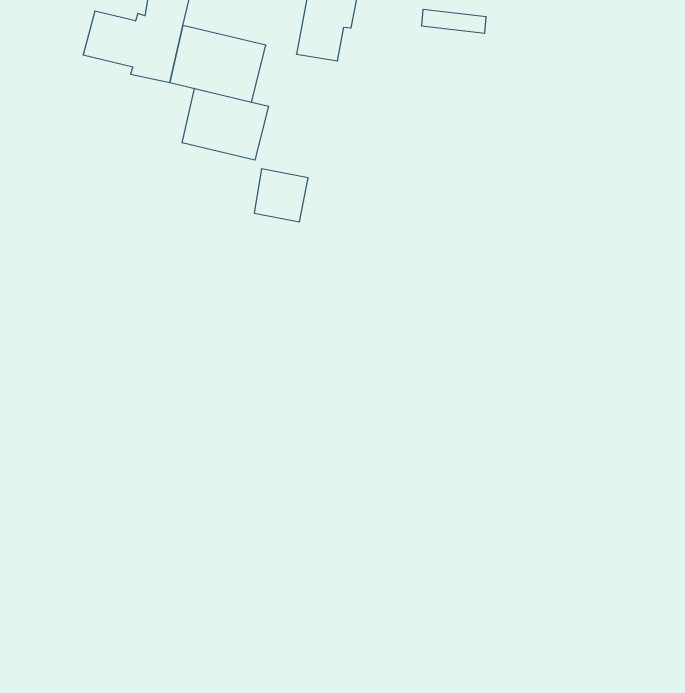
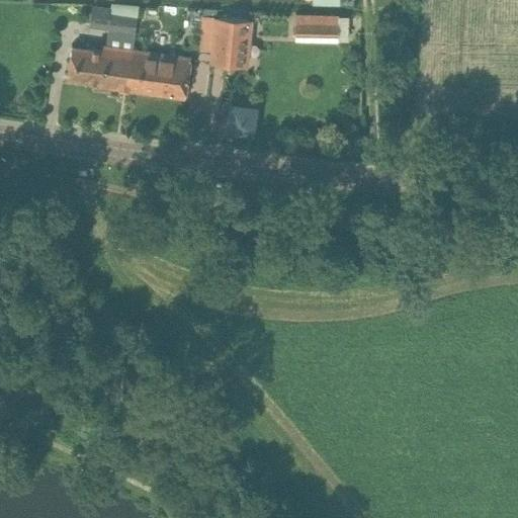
building: [182,88,268,160] -> none
building: [254,169,308,222] -> [221,103,255,137]

